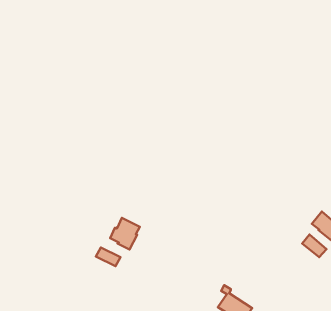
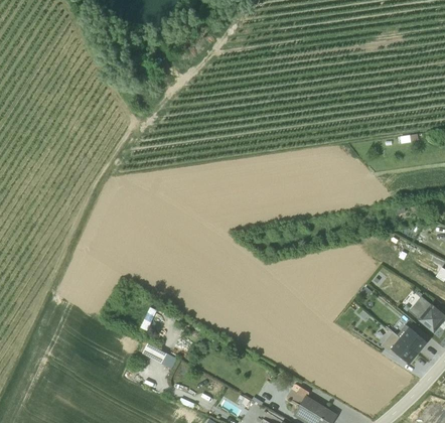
building: [110,218,140,250] -> none
building: none -> [383,333,419,367]

